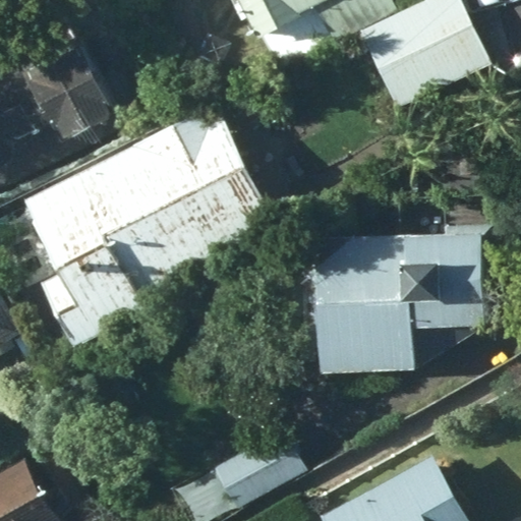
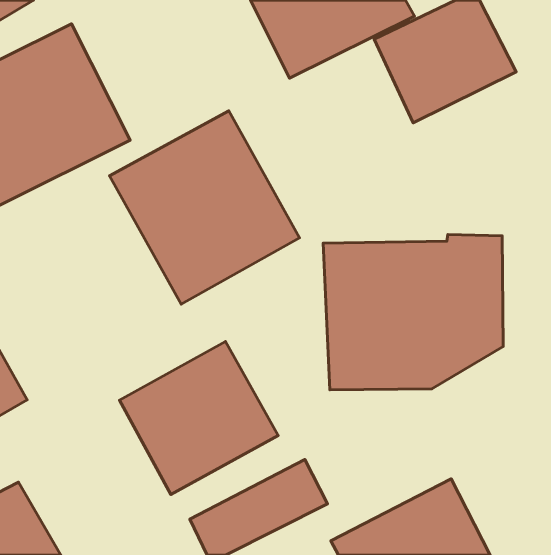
building: [19,165,170,351] -> none
building: none -> [119,342,278,494]

